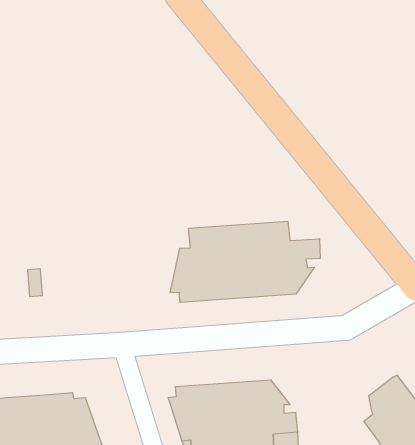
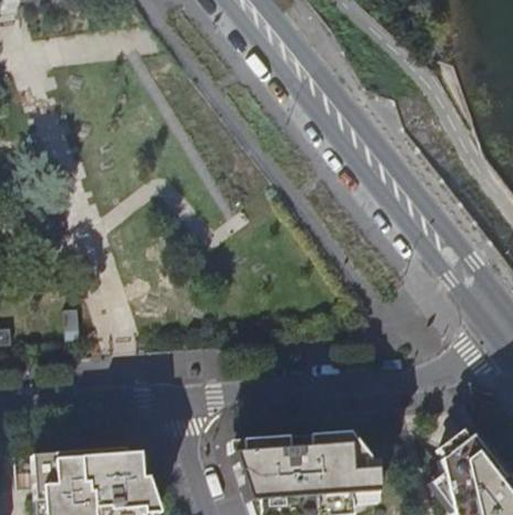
building: [170,221,320,302] -> none

